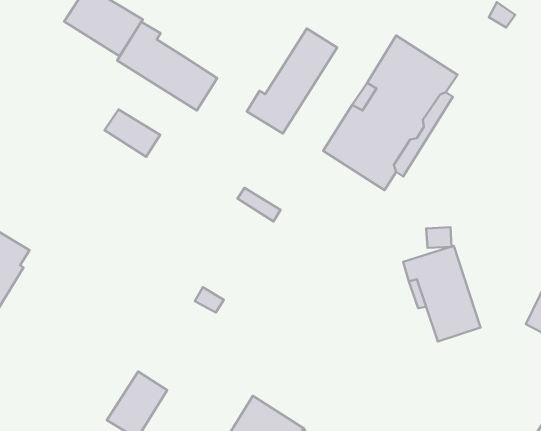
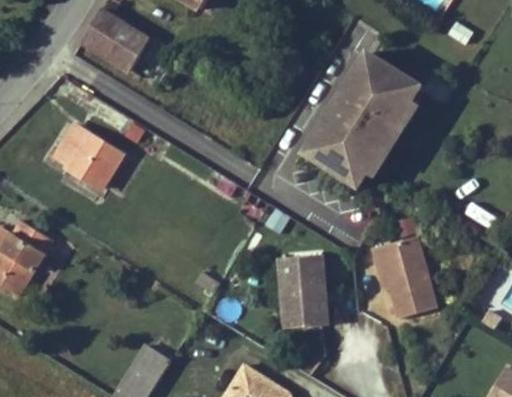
building: [117,22,217,111] -> none
building: [247,29,337,134] -> none
building: none -> [55,125,121,189]
building: none -> [280,254,326,327]

